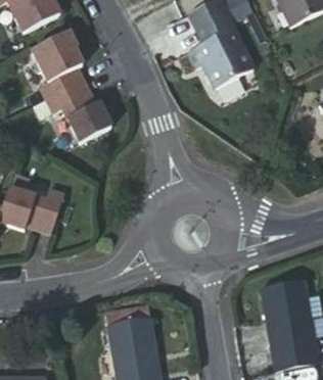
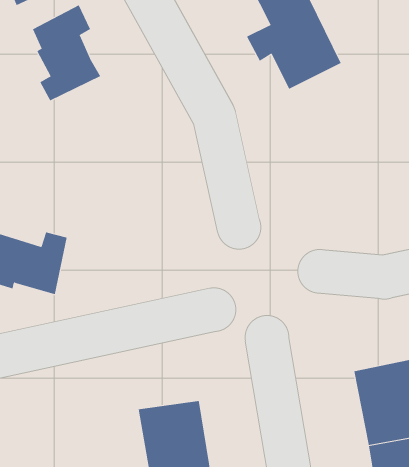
building: [48,79,111,140] -> none

